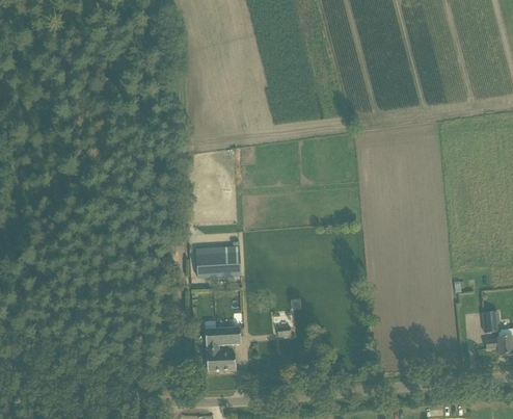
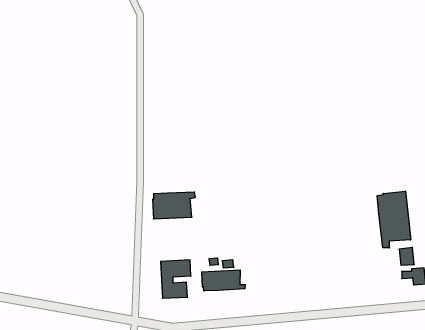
building: none -> [377,191,411,248]
building: none -> [202,270,245,291]

